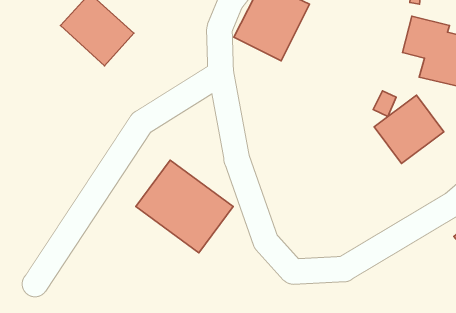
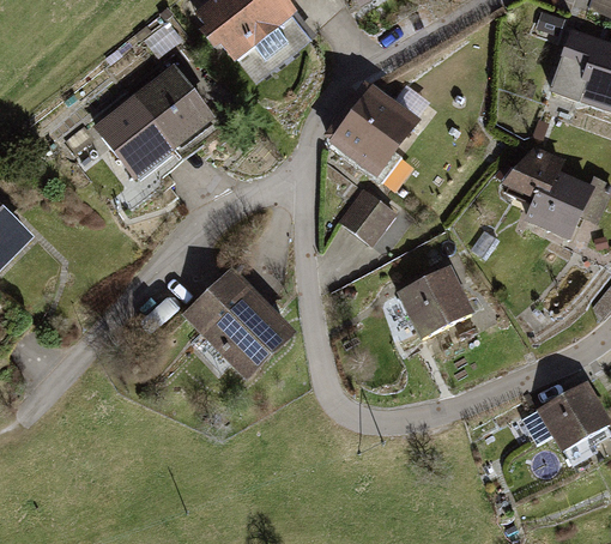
building: none -> [92,93,175,179]
building: none -> [339,188,398,247]
building: [374,95,444,163] -> [397,264,474,338]

